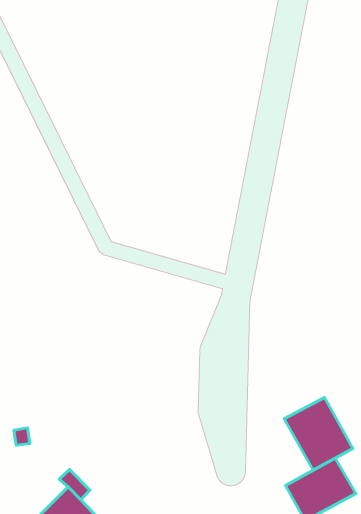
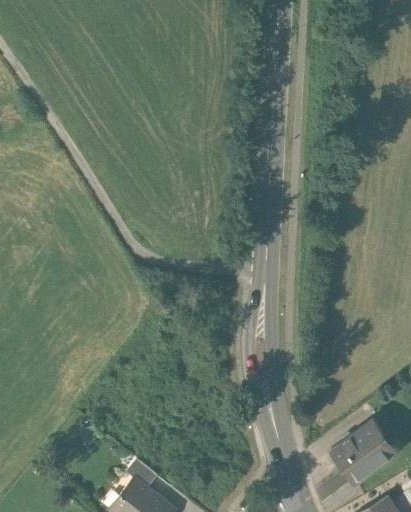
building: [284,398,353,470] -> none

